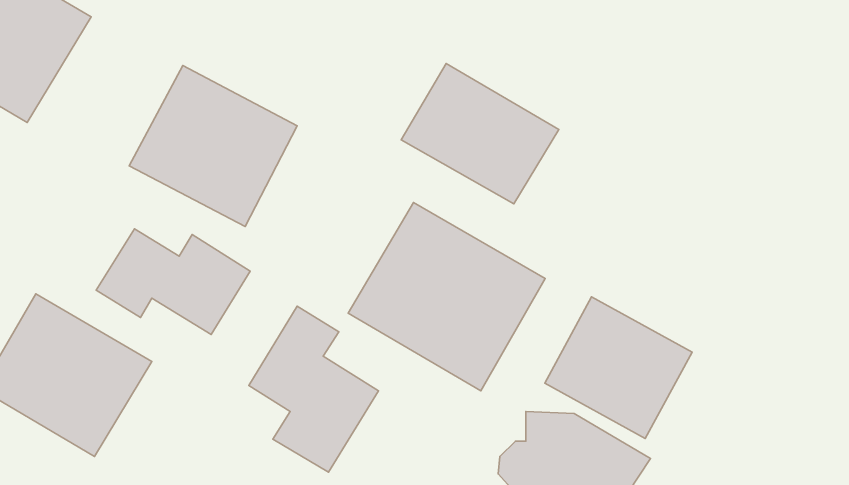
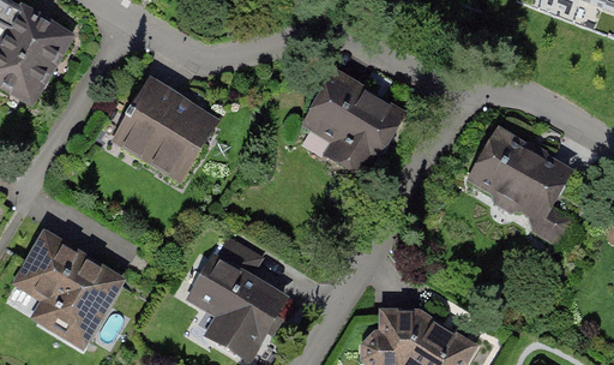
building: [348,203,545,391] -> none
building: [96,229,250,334] -> none
building: [545,297,692,439] -> [469,134,571,233]

